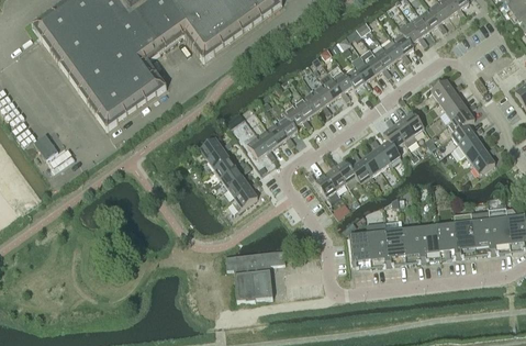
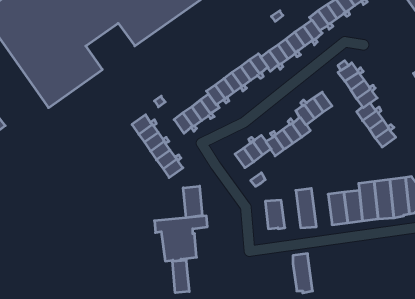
building: none -> [183,186,202,218]
building: [367,221,389,265] -> [293,254,313,293]
building: [402,225,424,261] -> none
building: none -> [172,260,189,293]

